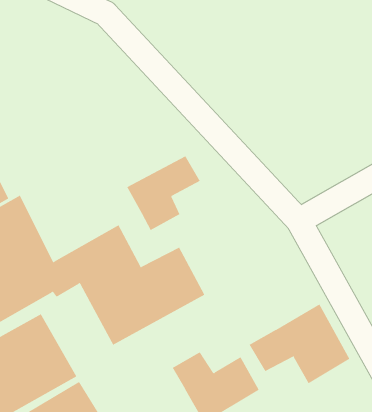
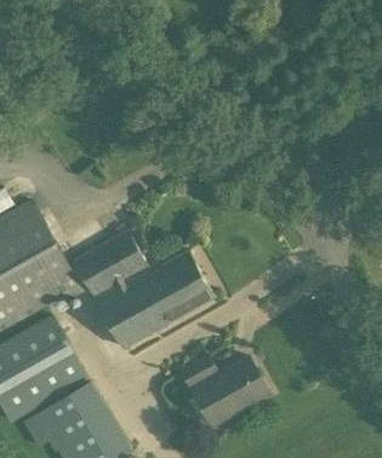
building: [127,155,201,231] -> none
building: [249,303,350,384] -> none

